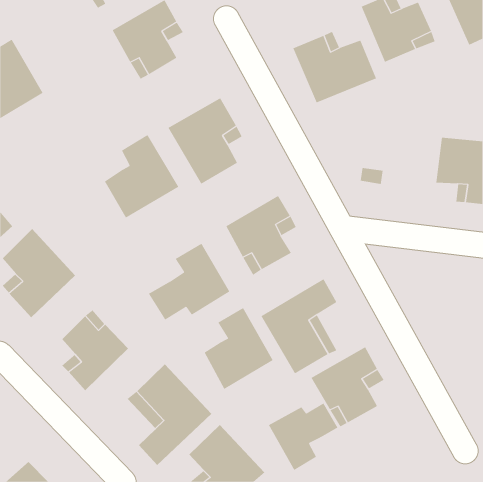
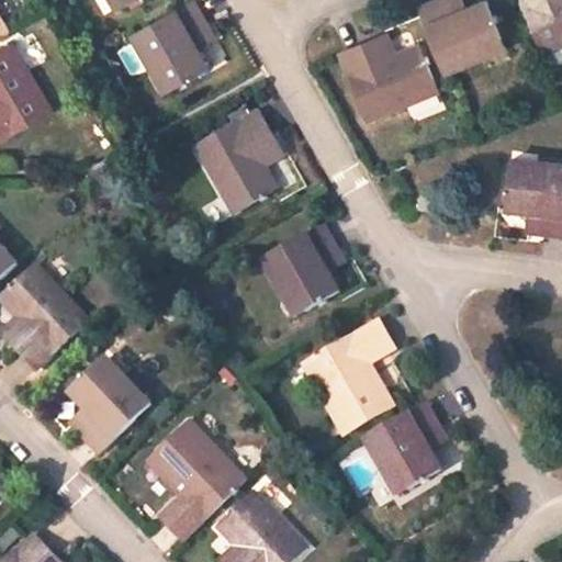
building: [104,134,179,218] -> none
building: [148,243,230,321] -> none
building: [204,307,273,390] -> none
building: [268,403,338,471] -> none

